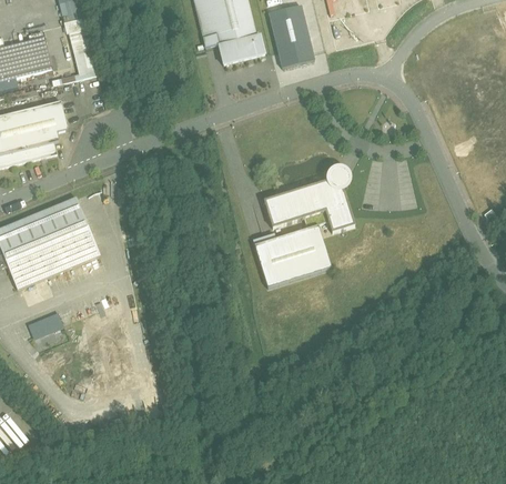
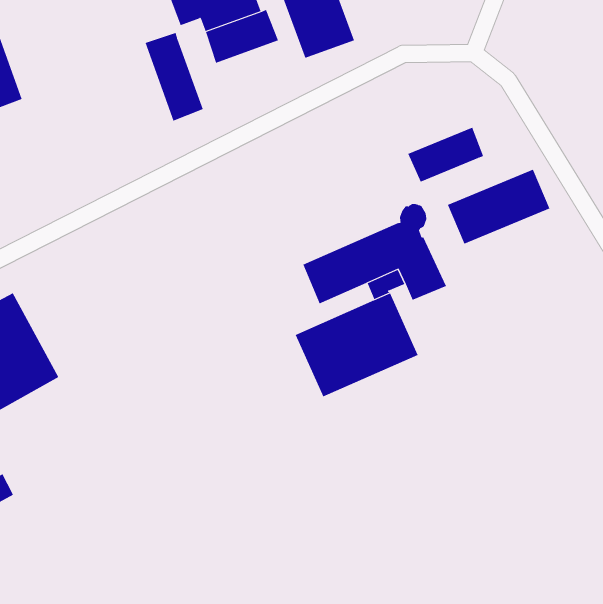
building: none -> [145,32,203,121]
building: none -> [408,127,484,182]
building: none -> [447,169,550,244]

